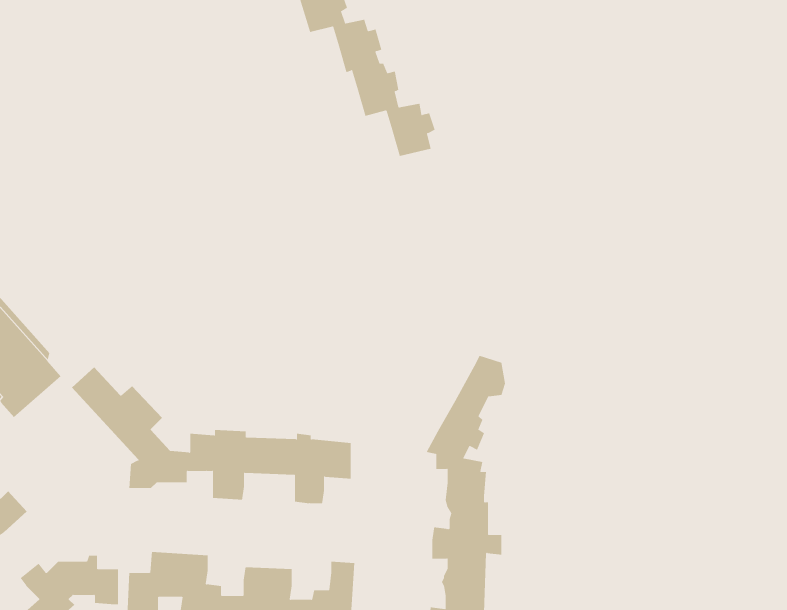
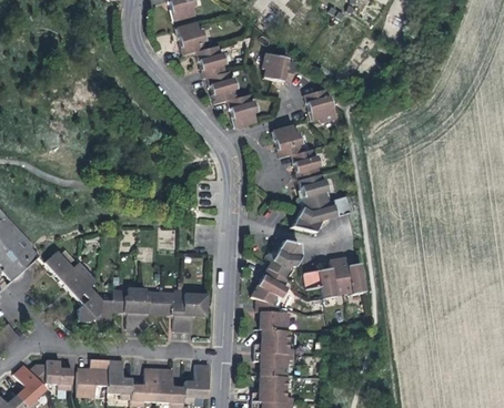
building: none -> [264,55,298,86]
building: none -> [305,92,336,124]
building: none -> [274,128,352,241]
building: none -> [302,261,365,302]

